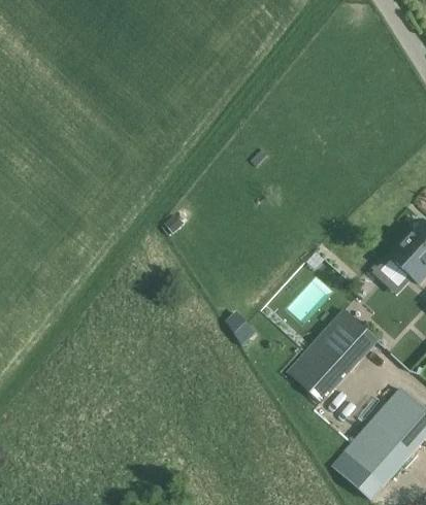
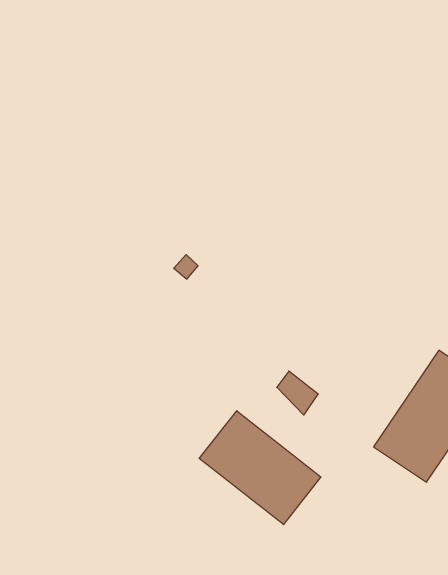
building: none -> [199,411,321,525]

